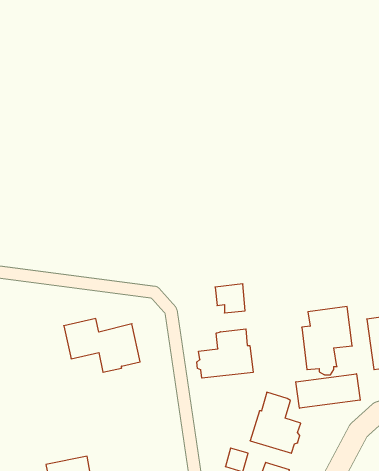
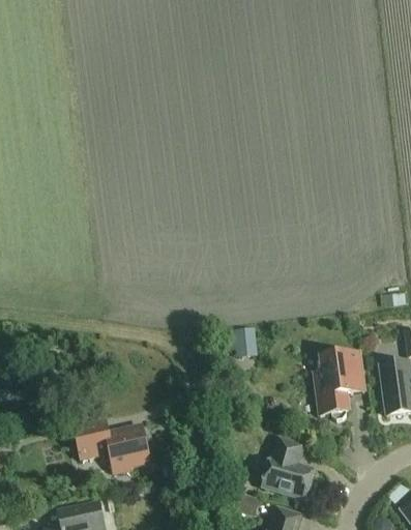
building: [64,319,140,372] -> [72,418,149,472]
building: [197,329,253,378] -> none
building: [296,374,360,408] -> none

